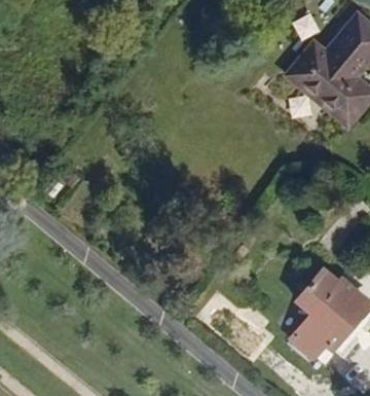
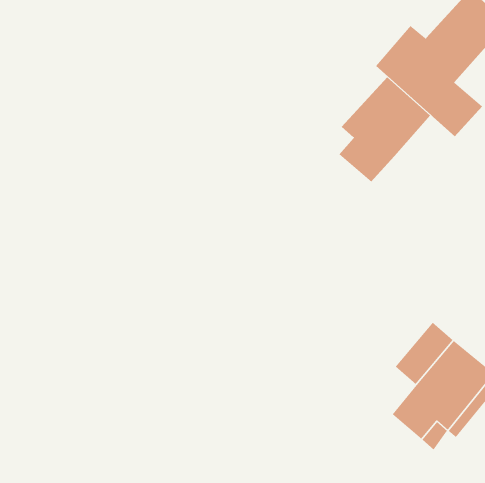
building: none -> [339,77,431,183]

